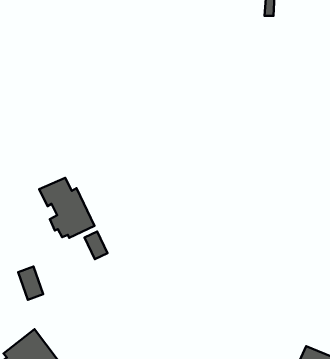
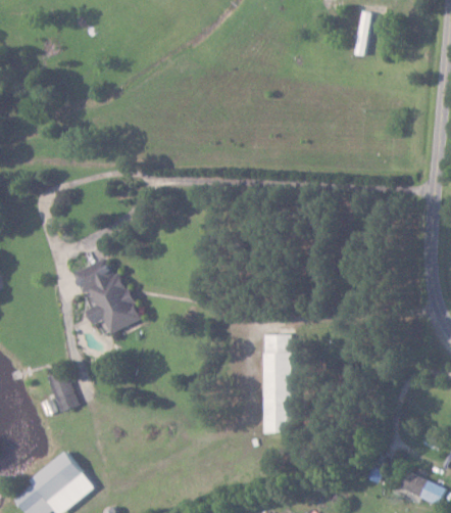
building: [84,232,108,259] -> none
building: none -> [261,335,292,434]

